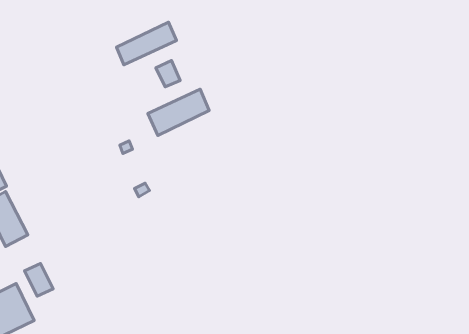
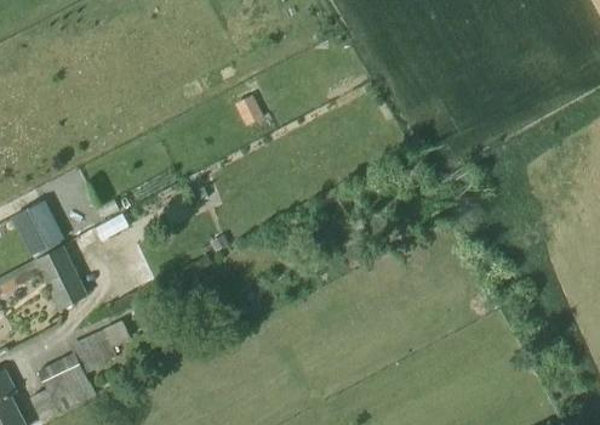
building: [117,22,177,65] -> none
building: [148,89,209,135] -> none

